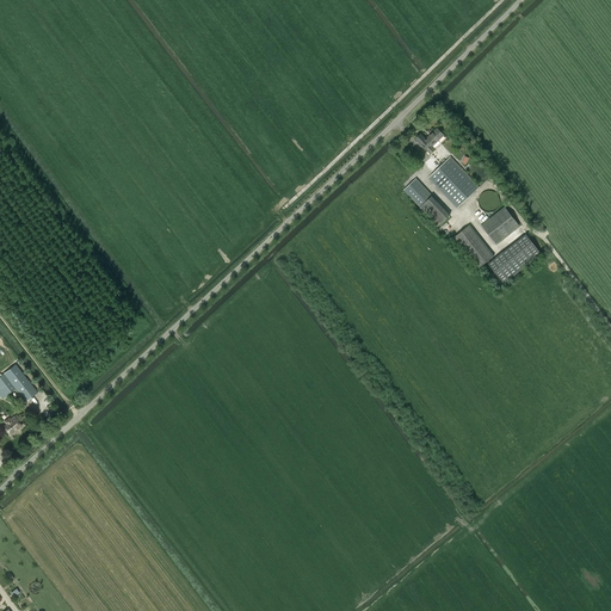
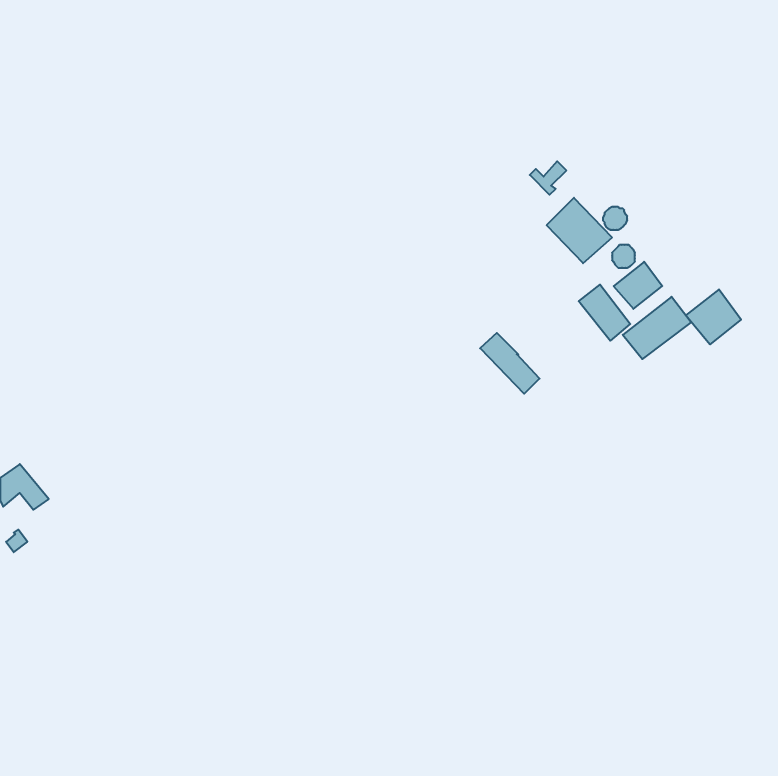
building: [403,178,450,226] -> [480,333,540,394]
building: none -> [686,289,741,344]

